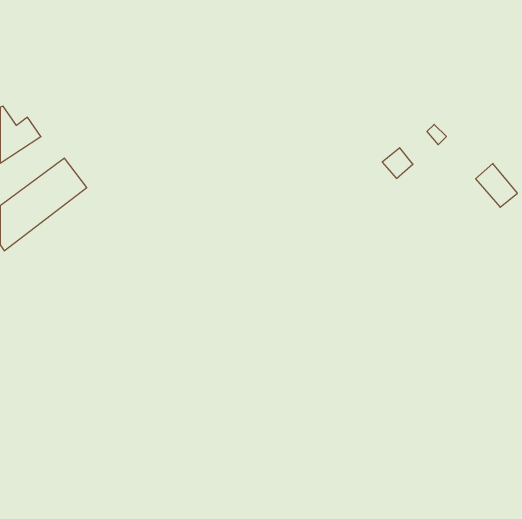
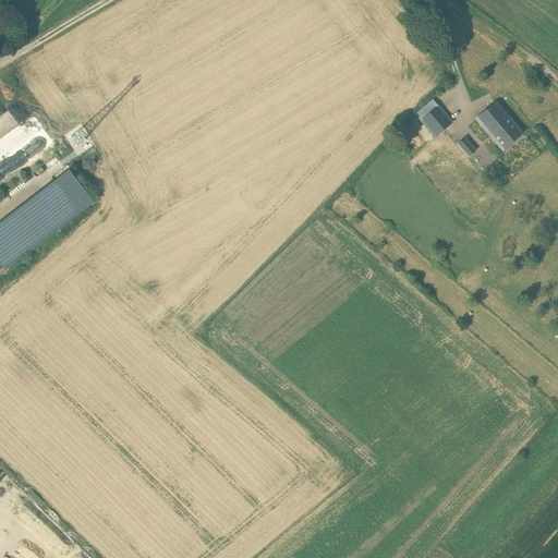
building: [382,148,413,178] -> [420,104,452,136]
building: [476,163,517,207] -> [476,100,521,147]

